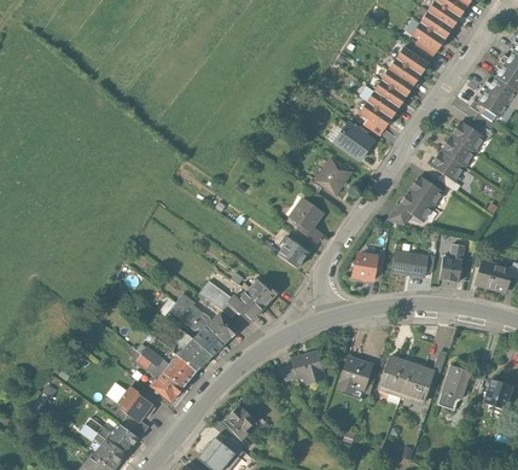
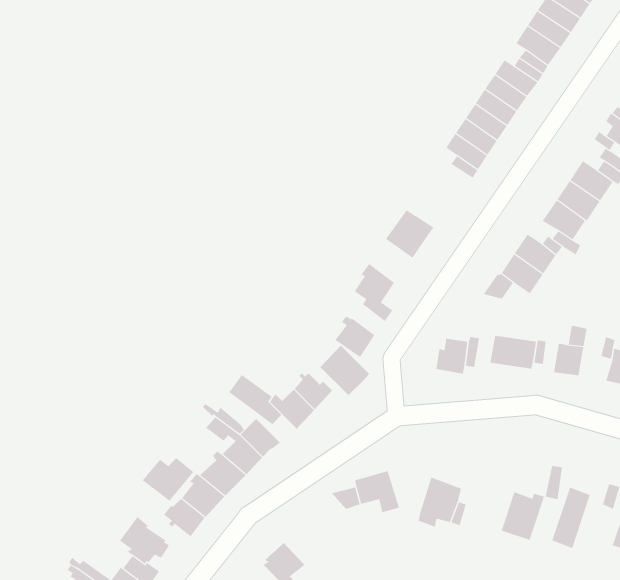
building: [333,122,373,161] -> none
building: none -> [320,345,370,396]
building: [379,356,411,396] -> none

